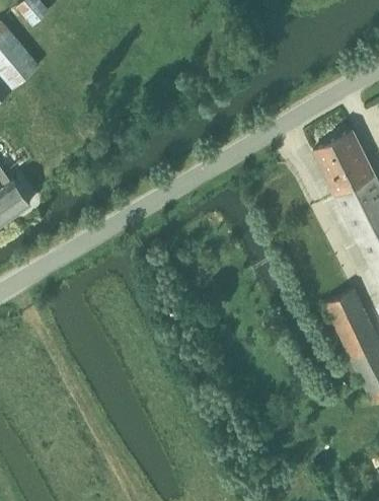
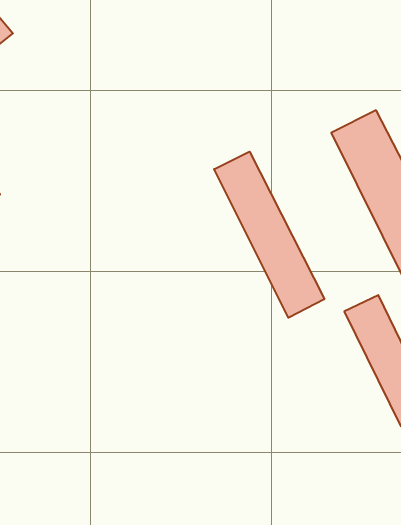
building: none -> [214,152,324,318]

